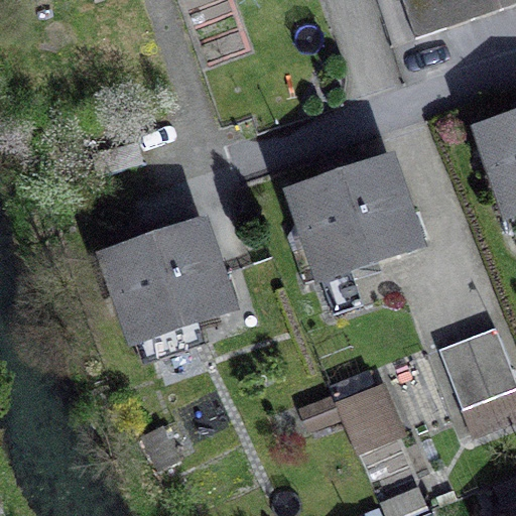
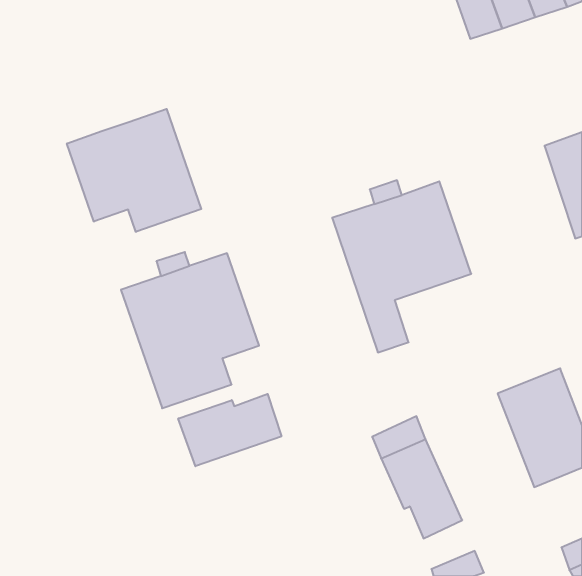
building: none -> [67,109,201,232]
building: none -> [178,394,281,466]

